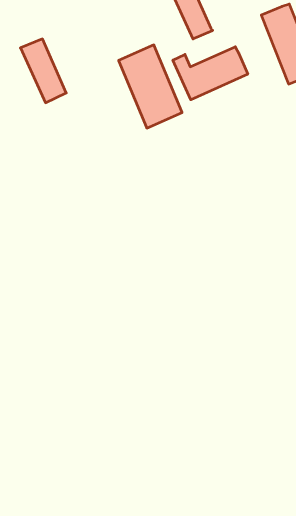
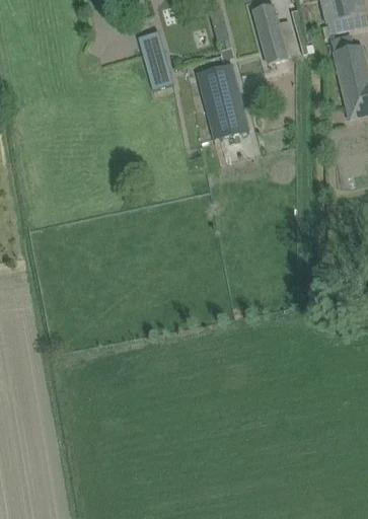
building: [20,39,66,103] -> [138,30,173,89]
building: [173,47,248,100] -> none

